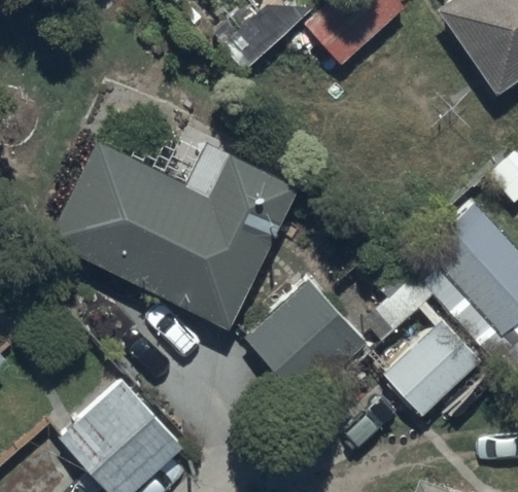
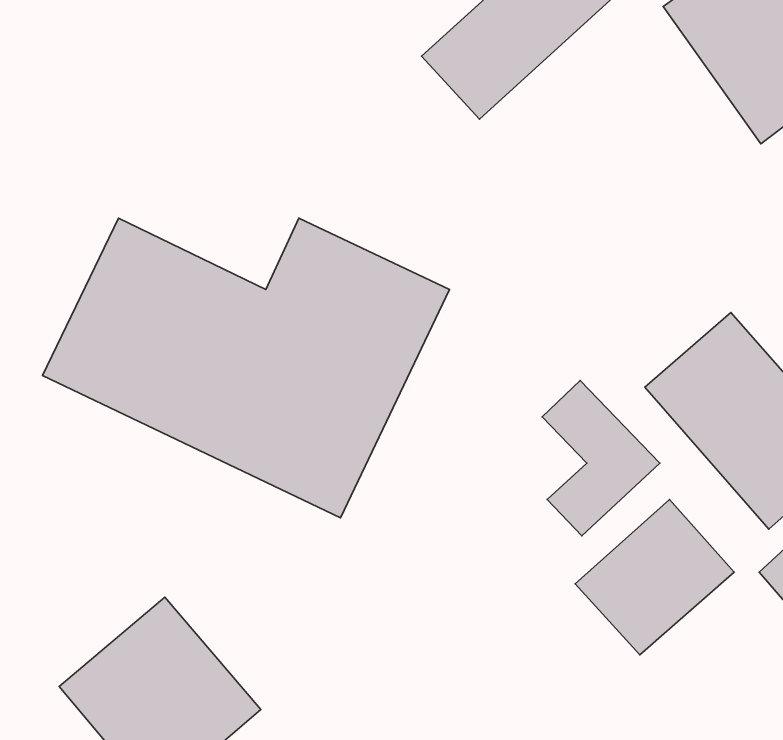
building: [249,283,365,397] -> none

